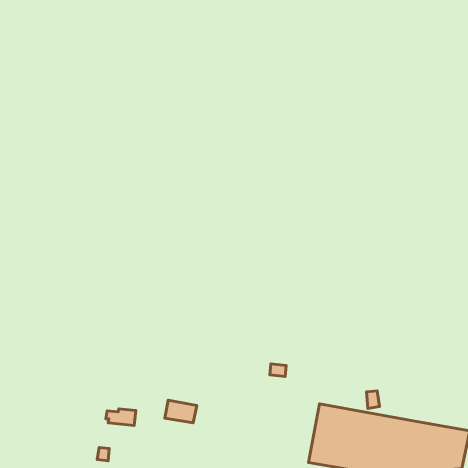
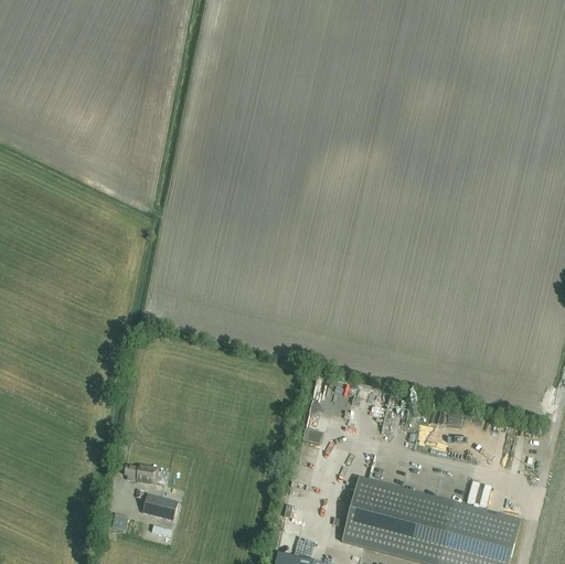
building: [165,400,197,423] -> [140,491,177,519]

